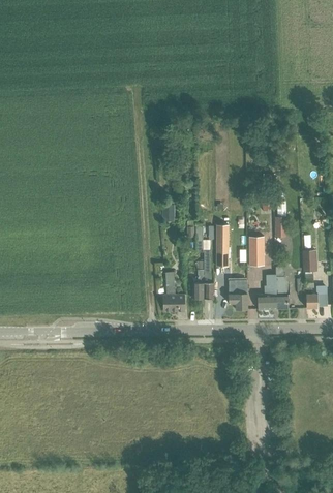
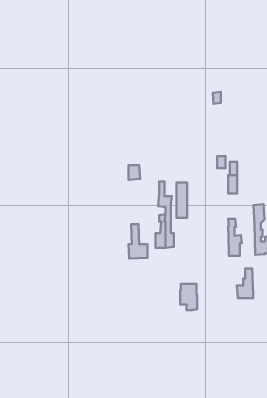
building: [249,236,264,265] -> none
building: [258,274,276,308] -> [237,268,253,298]
building: [229,279,248,309] -> [180,284,197,310]

